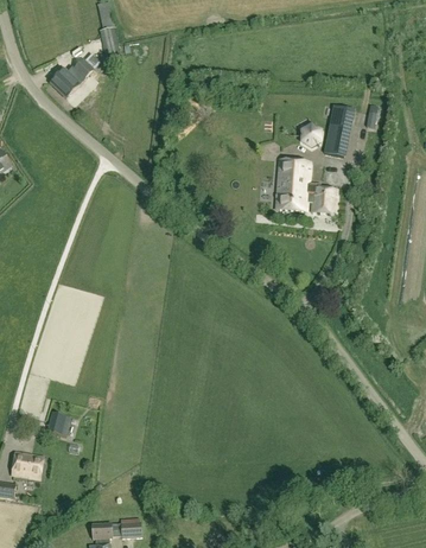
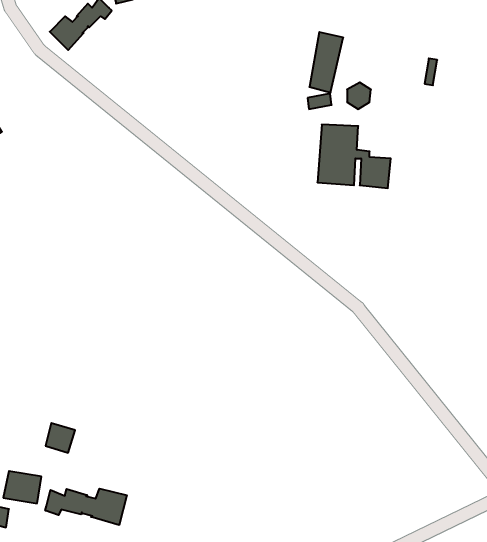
building: [324,106,352,157] -> [309,32,343,93]
building: none -> [45,489,127,525]

